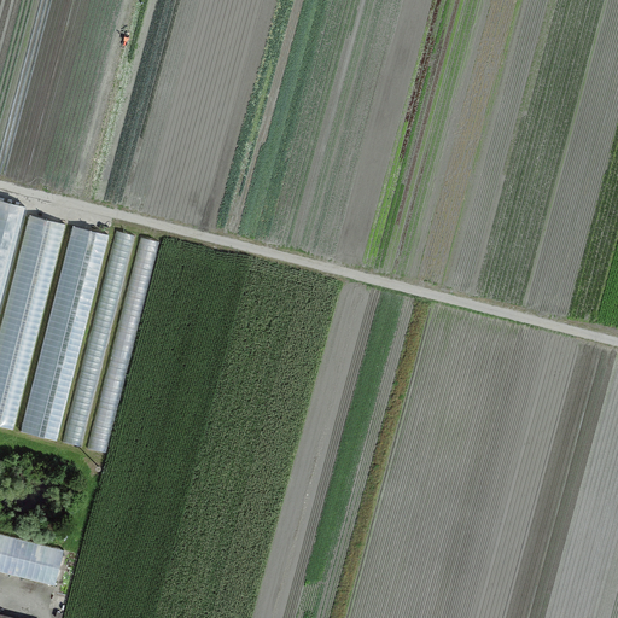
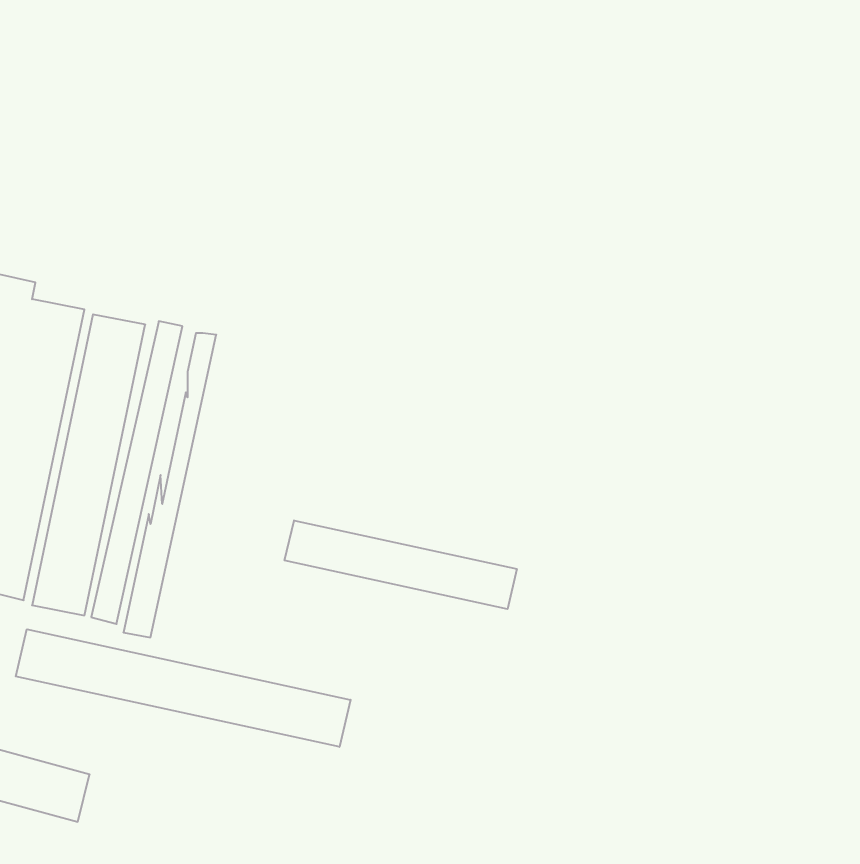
building: none -> [285,520,517,609]
building: none -> [16,629,351,747]

